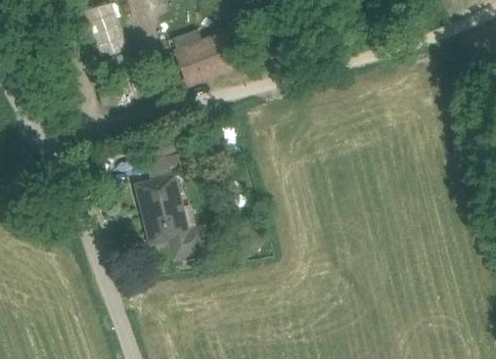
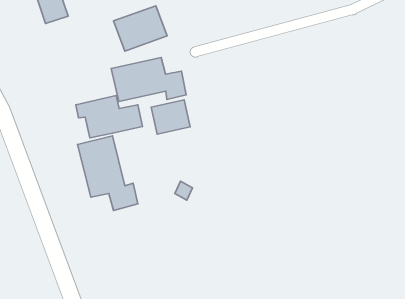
building: none -> [111,58,186,102]
building: none -> [151,100,190,134]

